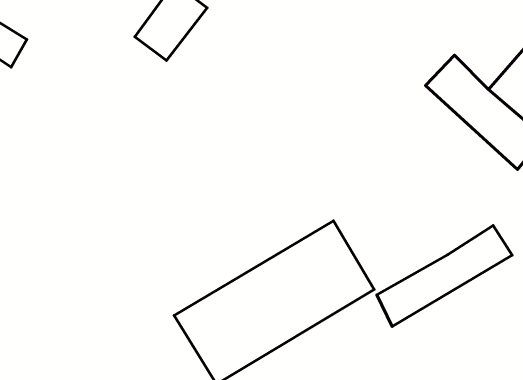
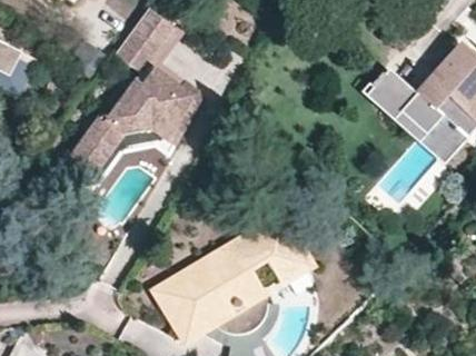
building: none -> [49,63,196,182]
building: [377,225,512,327] -> none

